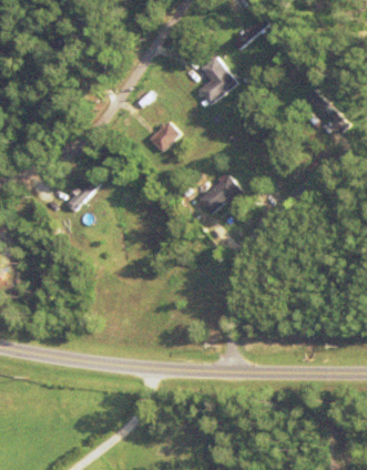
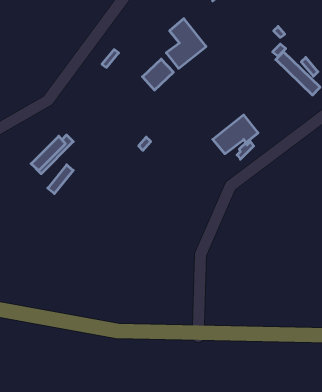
building: [149,122,180,153] -> [142,59,173,90]
building: [197,176,243,215] -> [213,115,258,154]

